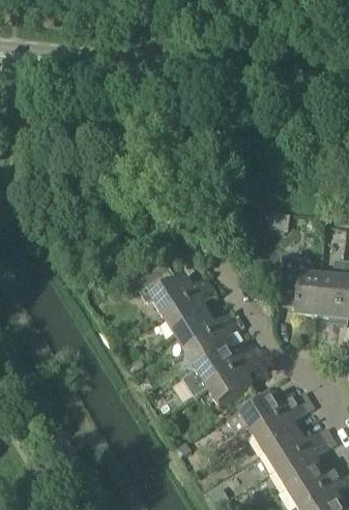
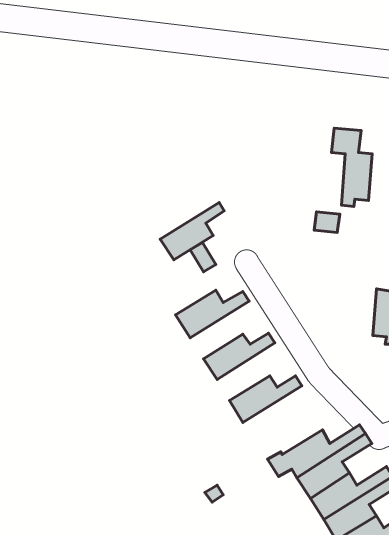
building: [286,253,320,320] -> [332,128,372,206]
building: [163,286,216,334] -> [160,202,224,260]
building: [185,321,239,369] -> none
building: [207,357,262,407] -> none

